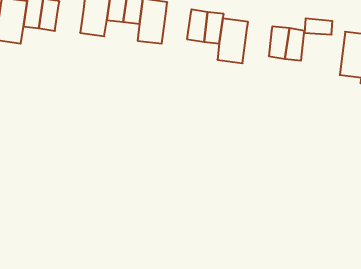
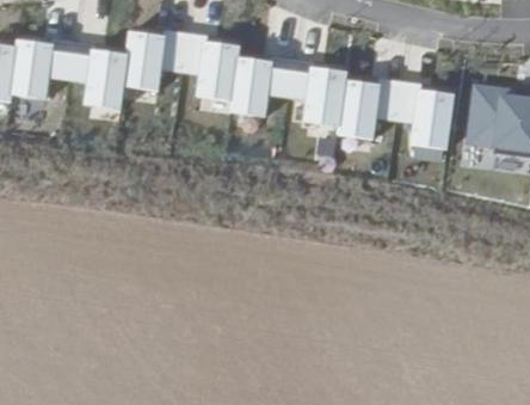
building: none -> [85,51,127,112]
building: none -> [229,59,269,117]
building: none -> [337,80,376,141]
building: none -> [412,91,454,149]

